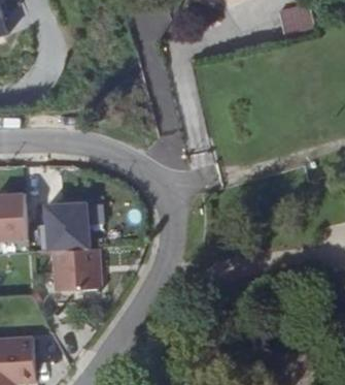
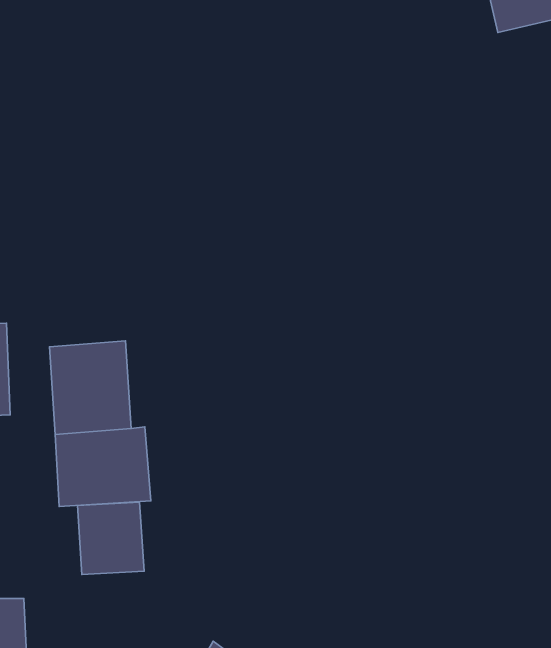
building: none -> [77,502,144,575]

